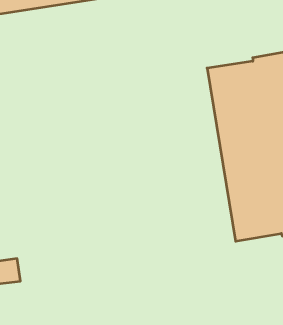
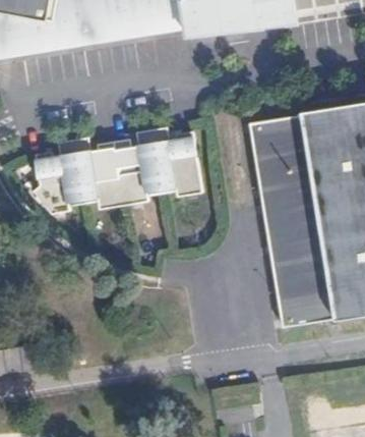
building: none -> [37,128,206,215]

